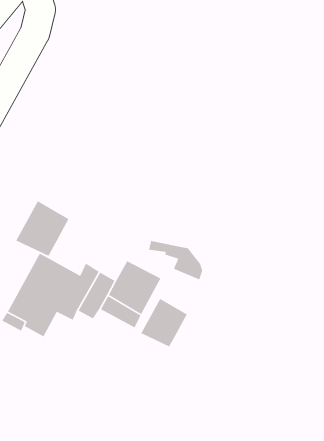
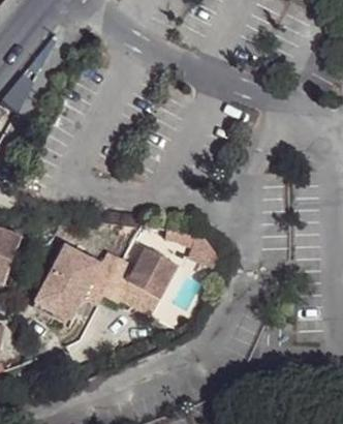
building: [15,200,70,257] -> none
building: [140,298,188,348] -> none

